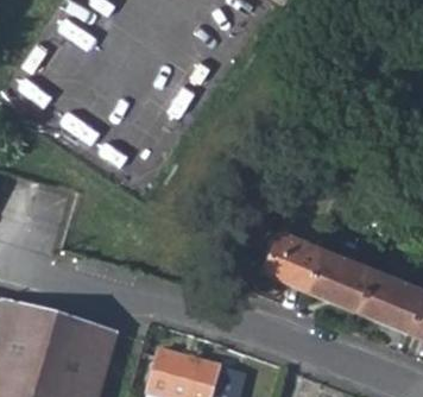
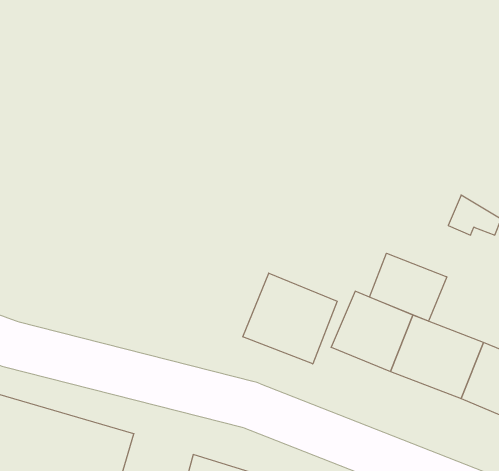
building: none -> [369,253,447,321]
building: none -> [243,273,337,364]

